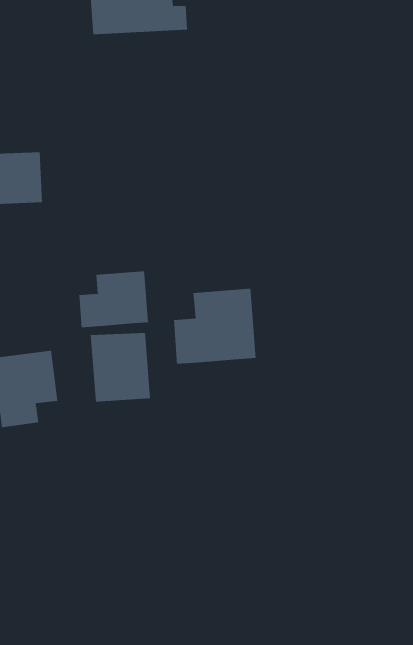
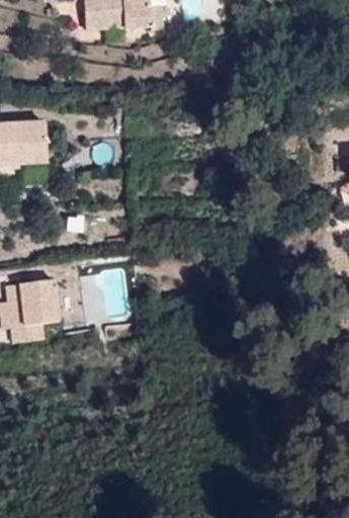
building: [79,270,149,328] -> none
building: [173,288,256,365] -> none

